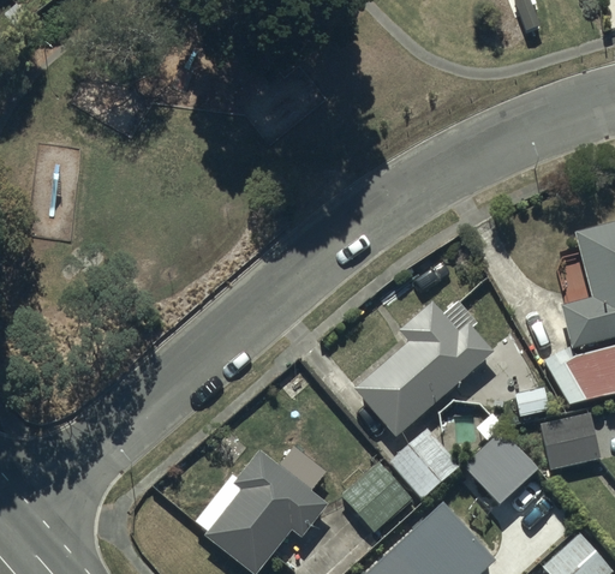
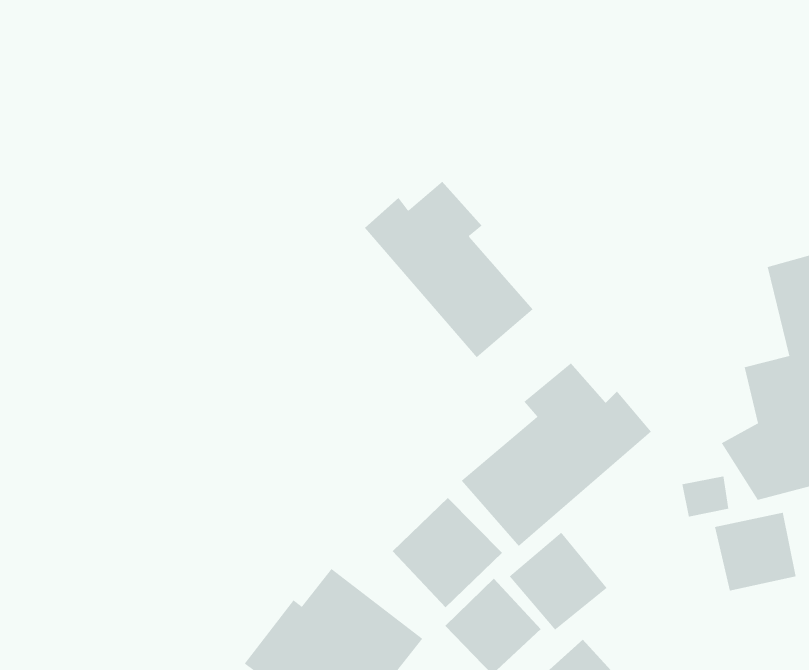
building: none -> [364,181,534,358]
building: none -> [392,497,503,608]
building: [468,432,542,506] -> none

